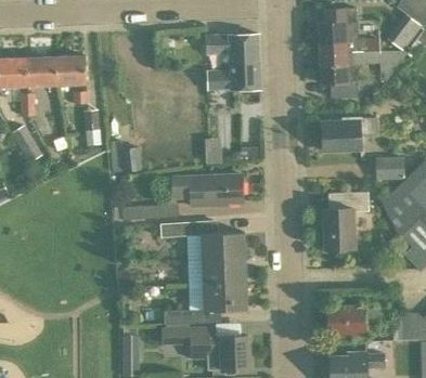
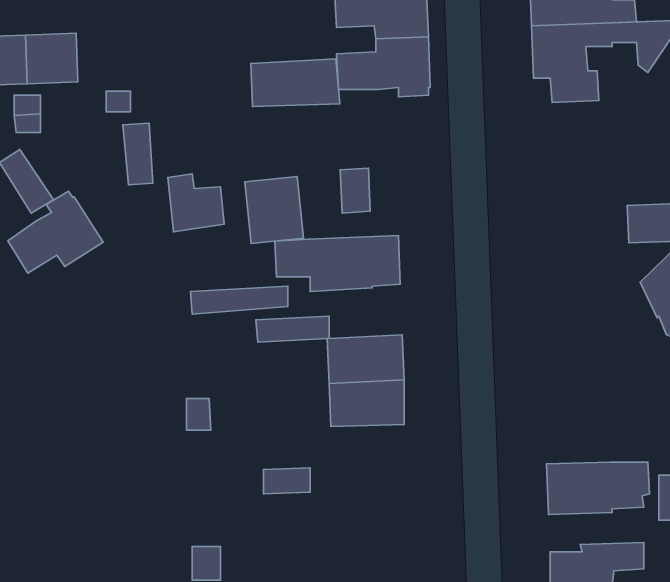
building: [55,56,87,86] -> none
building: none -> [251,59,340,107]
building: [322,117,376,151] -> none
building: none -> [245,176,304,244]
building: none -> [8,191,103,273]
building: [323,192,370,249] -> none
building: [203,284,246,311] -> none
building: [163,327,249,369] -> none

